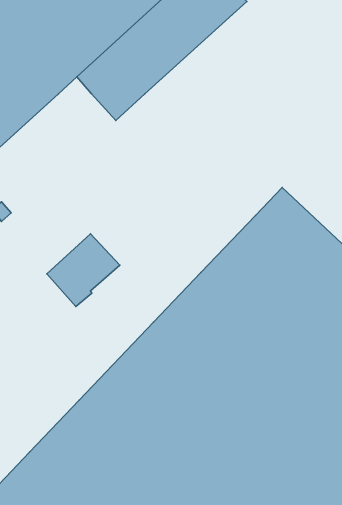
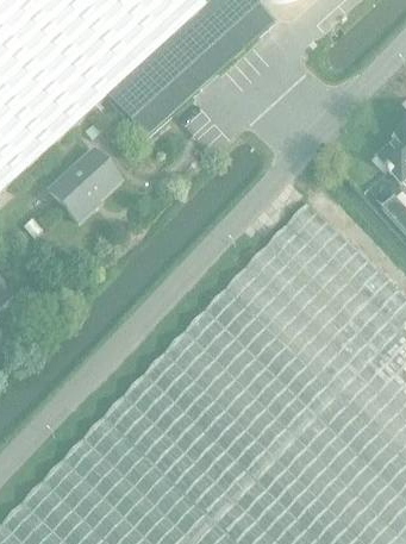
building: [47,234,120,307] -> [49,149,120,220]

